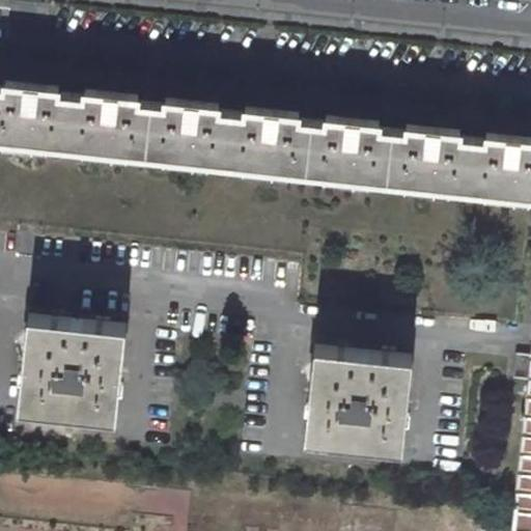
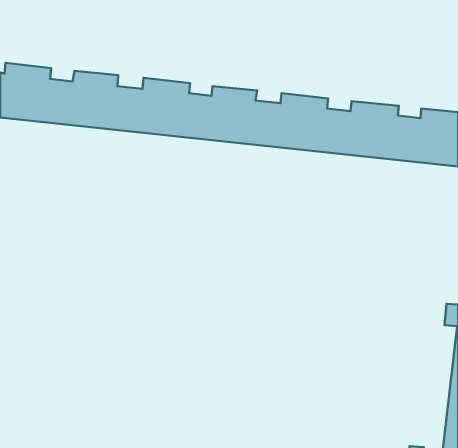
building: [19,324,127,427] -> none
building: [305,355,412,458] -> none

